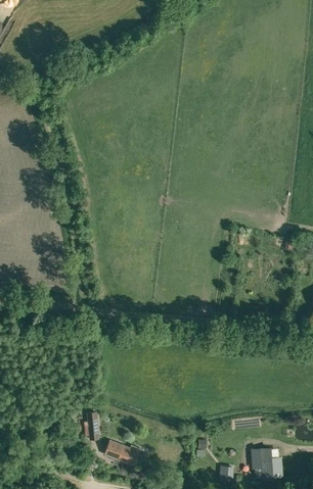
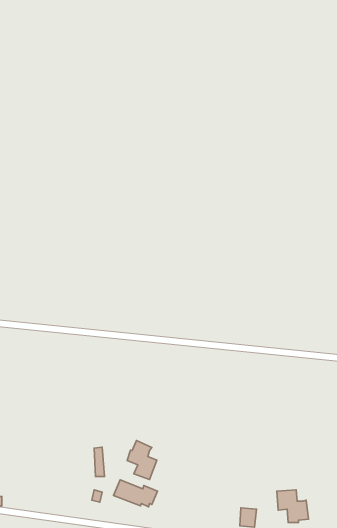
building: none -> [127,440,157,480]

